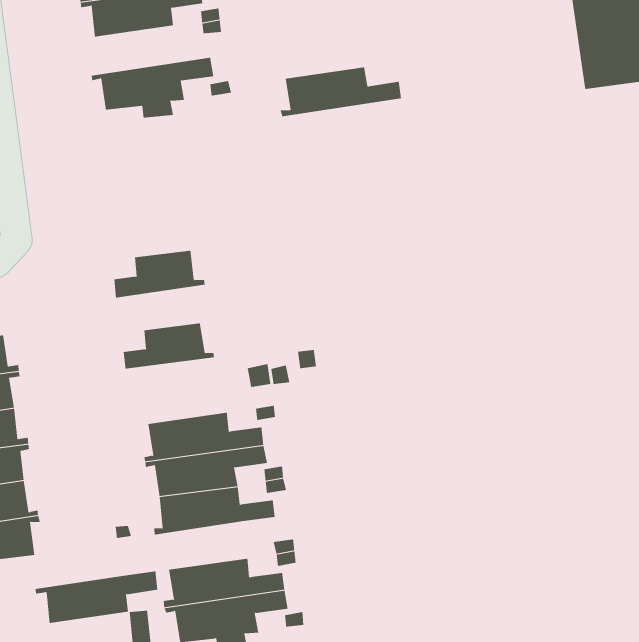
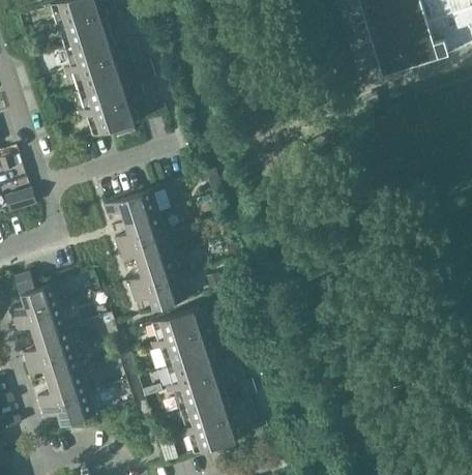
building: [280,67,402,117] -> [73,77,147,116]
building: none -> [99,187,155,222]
building: none -> [114,232,169,266]
building: none -> [127,275,183,310]
building: [35,571,158,624] -> [163,366,238,410]

